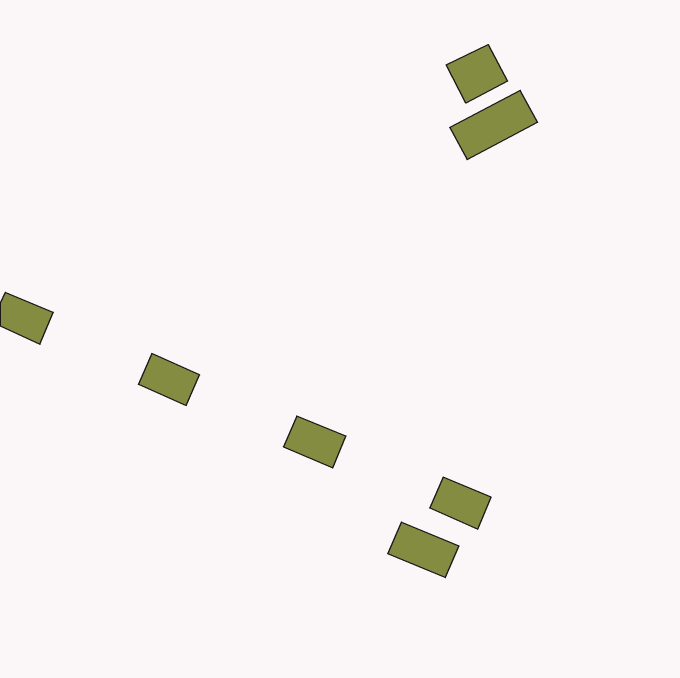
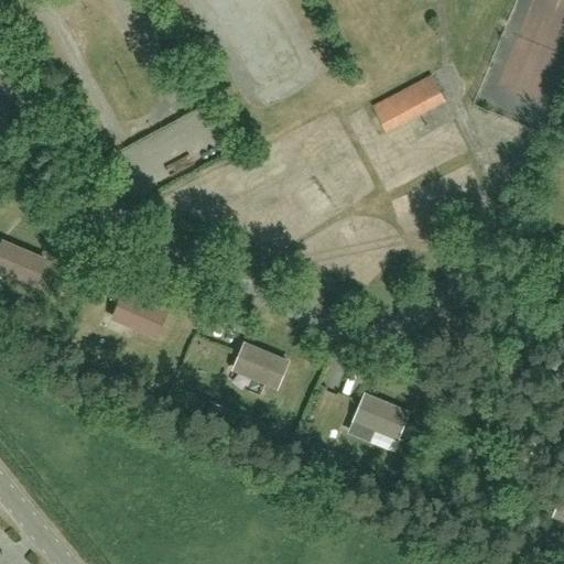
building: [446,45,508,103] -> none
building: [388,522,459,578] -> none

